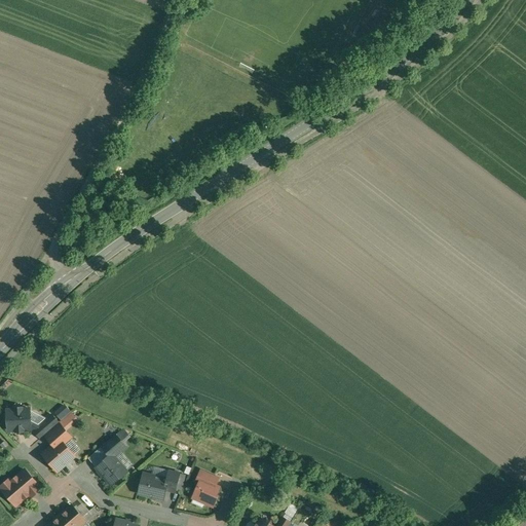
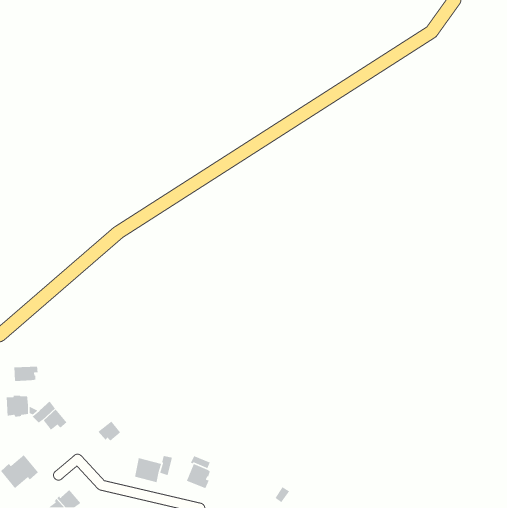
building: none -> [13,366,39,382]
building: [42,440,74,471] -> none
building: [96,453,126,484] -> none

